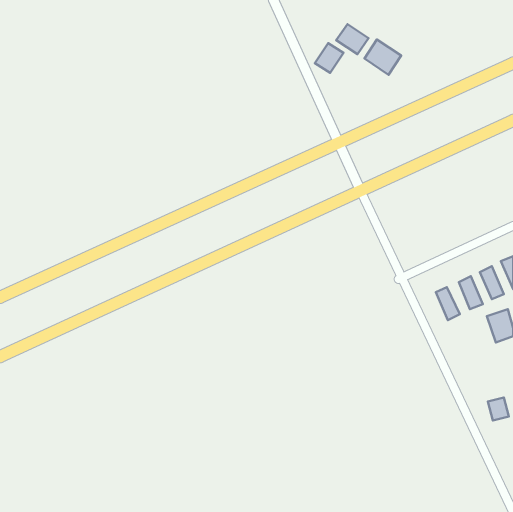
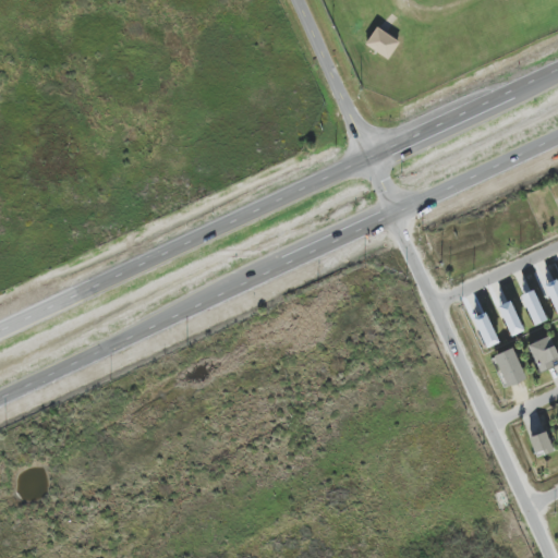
building: [364,39,401,75] -> none
building: [315,43,343,73] -> none
building: none -> [494,347,526,387]

